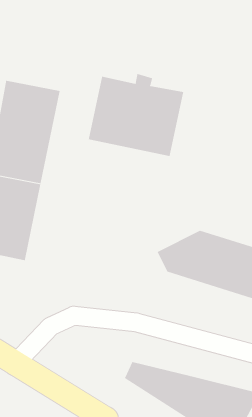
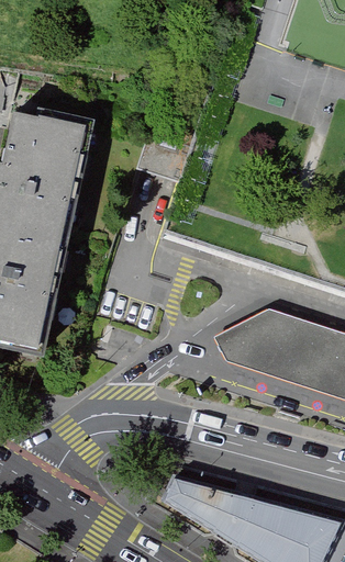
building: [88,73,184,157] -> none

